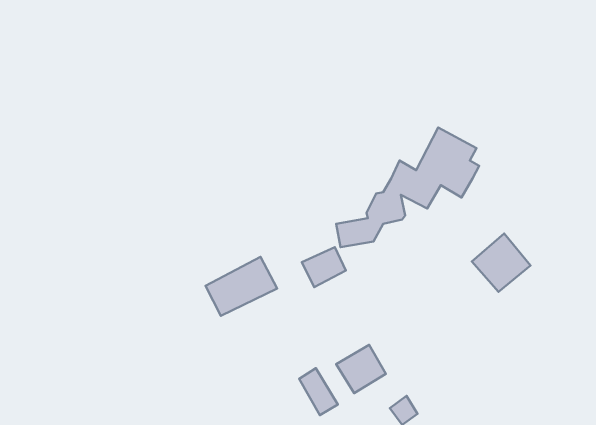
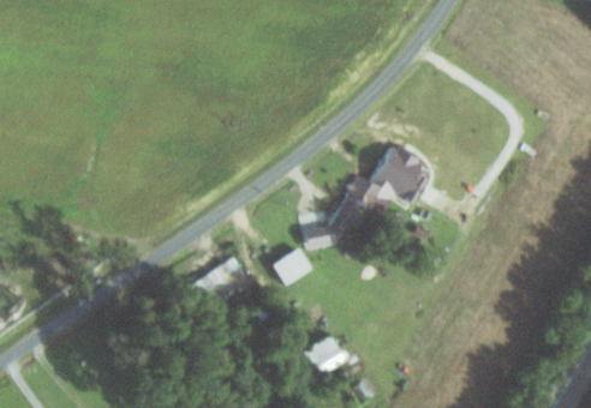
building: [472,233,530,292] -> none
building: [299,368,338,415] -> none

